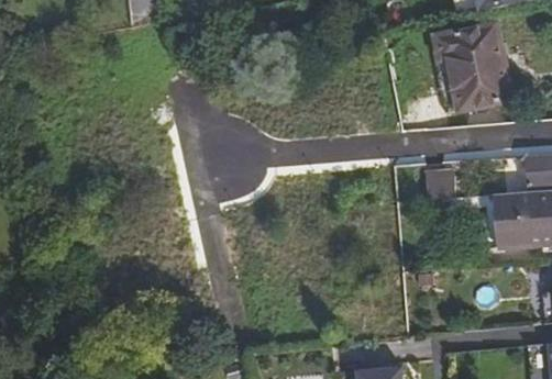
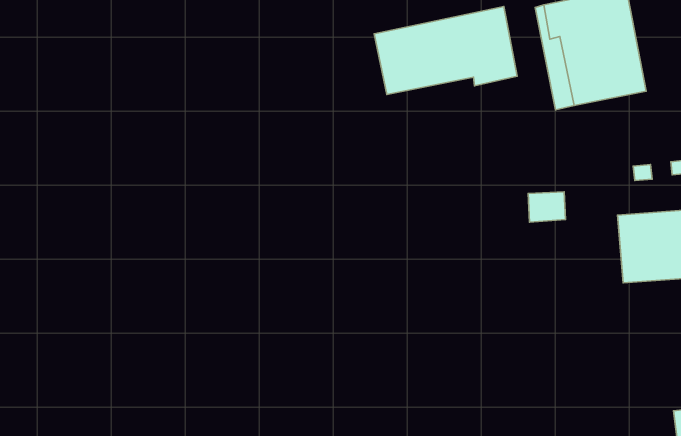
building: none -> [374,6,517,95]

